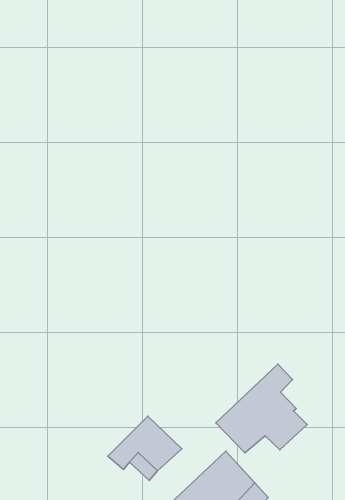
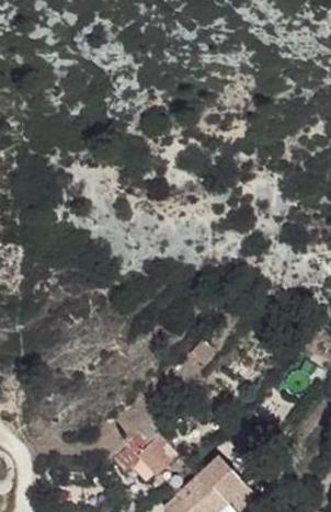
building: [216,364,307,453] -> none

